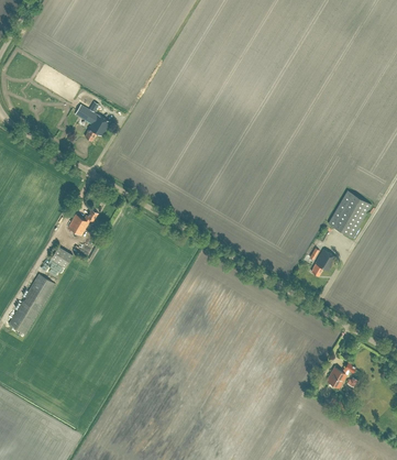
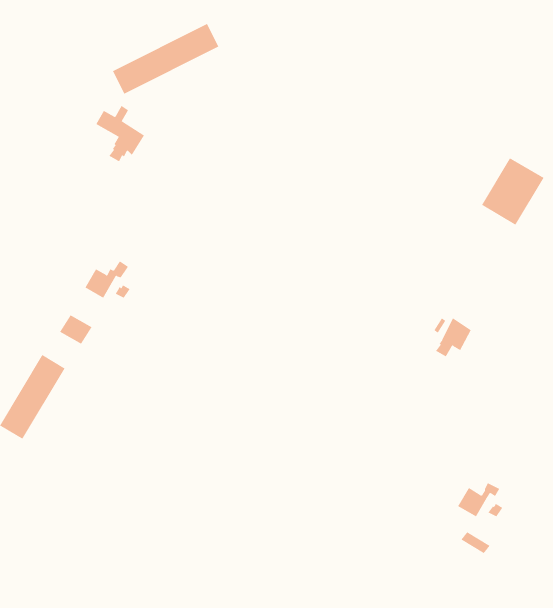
building: none -> [112,23,219,94]
building: [327,190,371,238] -> [481,157,545,226]

